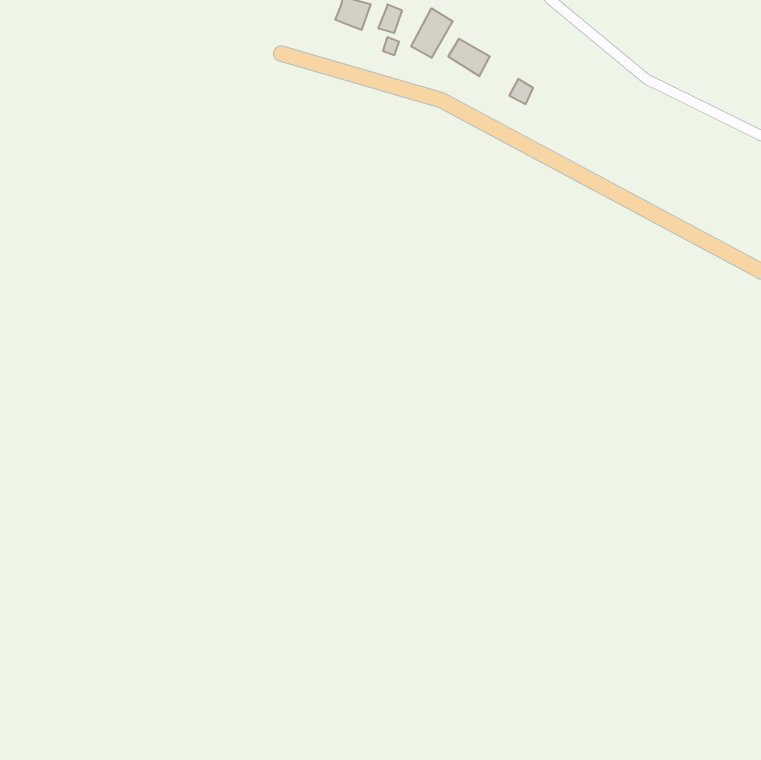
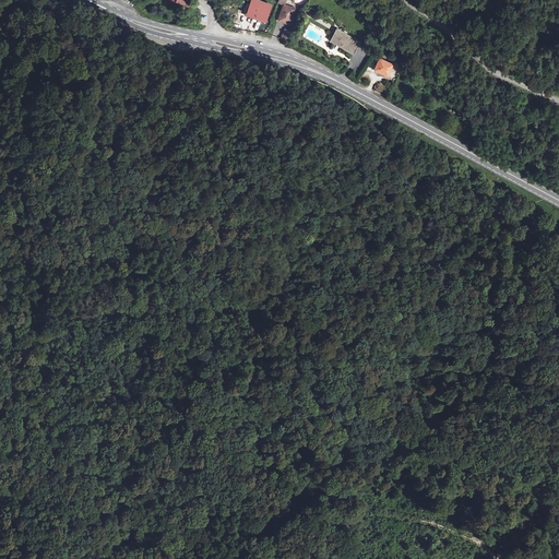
building: [411,8,453,58] -> none

